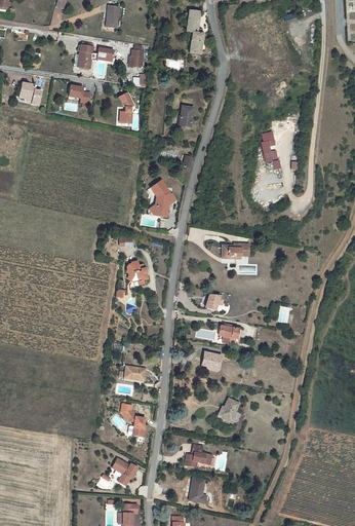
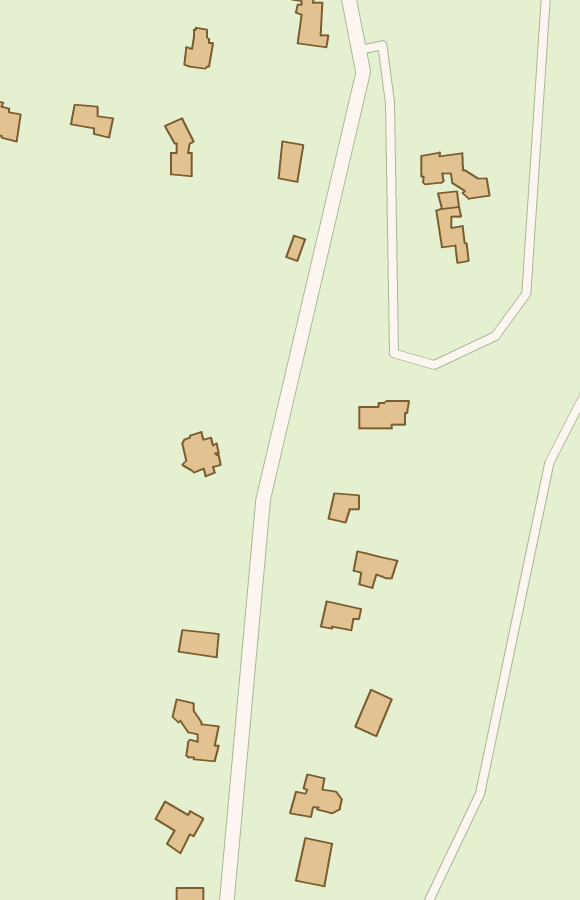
building: [78,44,113,68] -> none
building: none -> [421,152,489,199]
building: [150,180,176,218] -> none

